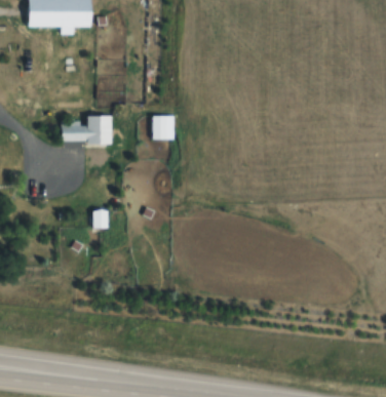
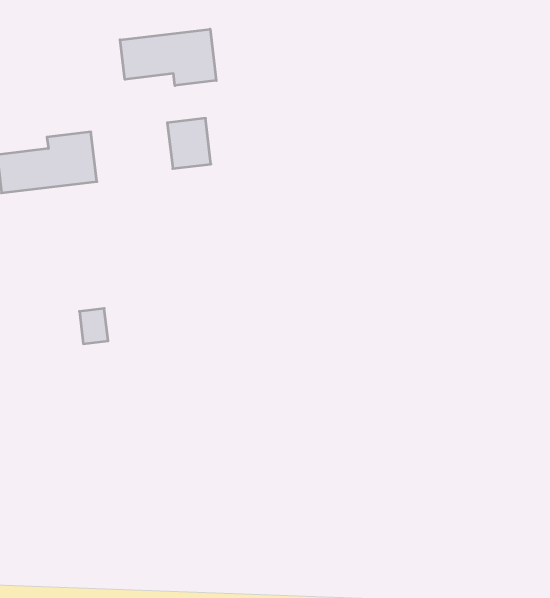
building: none -> [120,29,216,86]

